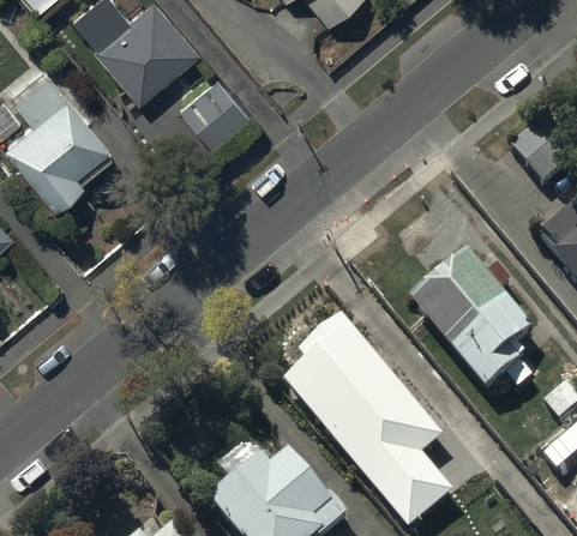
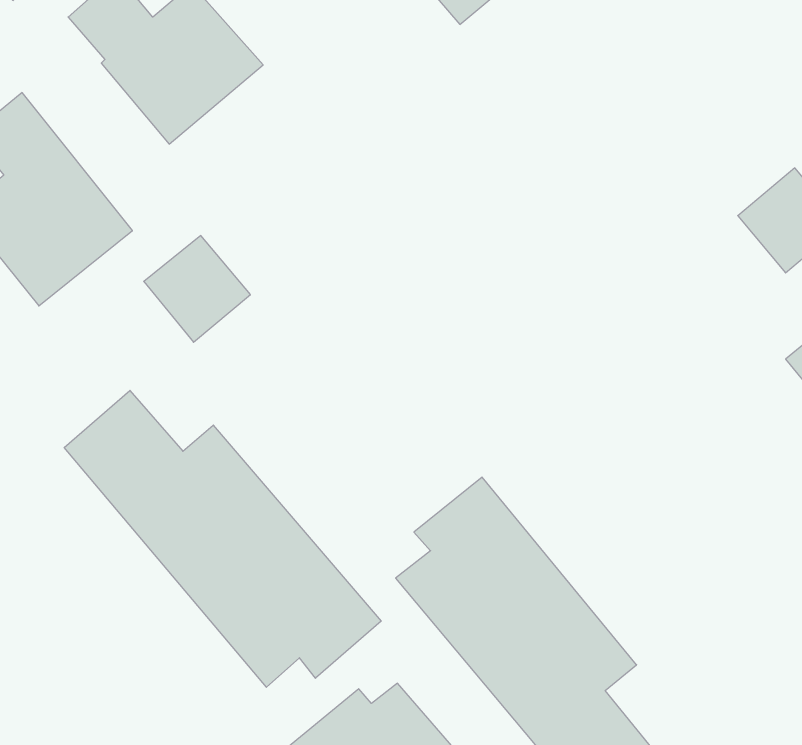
building: [181,74,251,144] -> [144,236,250,342]
building: [407,249,531,390] -> none
building: none -> [64,390,381,687]

